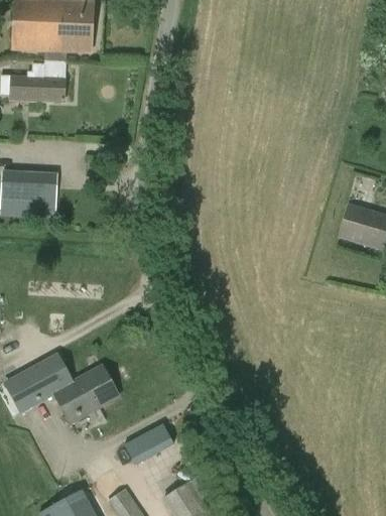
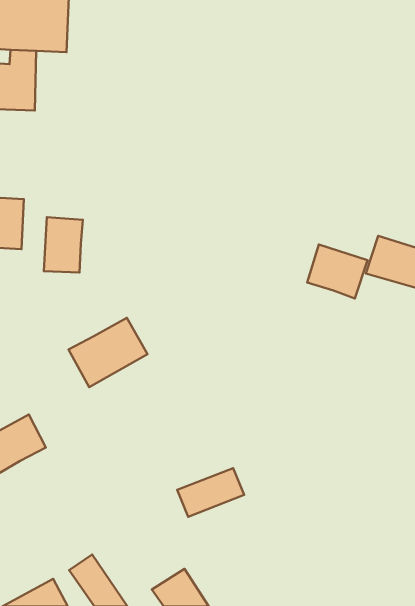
building: none -> [44,217,83,273]
building: none -> [307,245,368,298]
building: [53,366,119,423] -> [68,318,147,387]
building: [126,423,181,464] -> [177,468,244,517]

